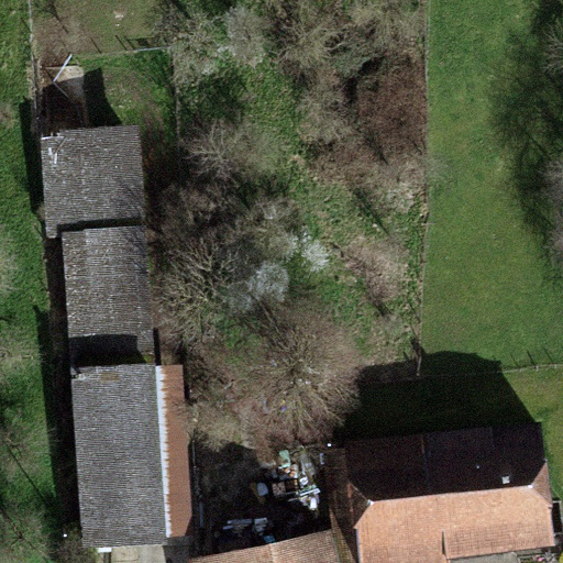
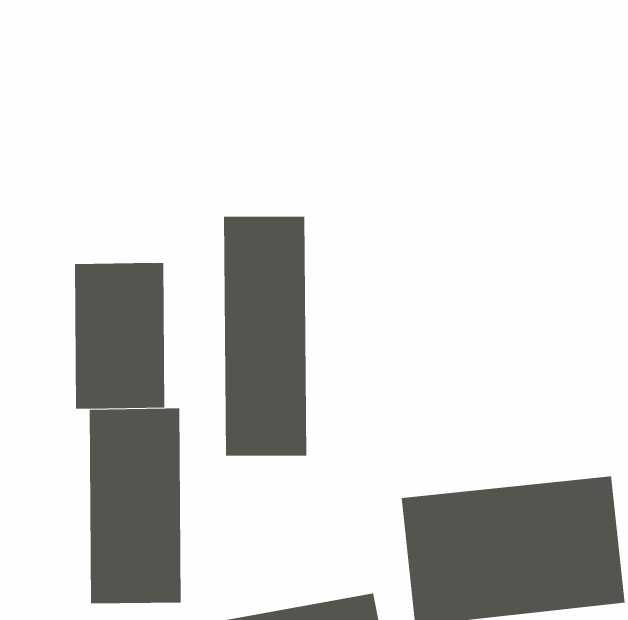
building: [51,140,136,244] -> none
building: none -> [224,216,307,457]

